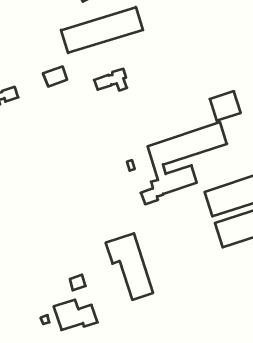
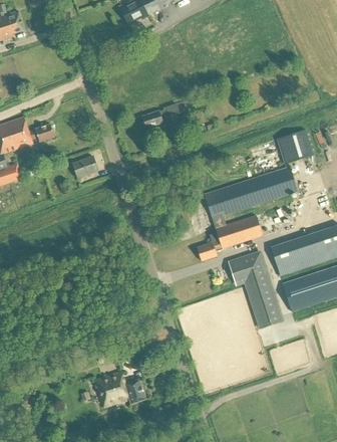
building: [61,7,143,53] -> none
building: [43,67,67,86] -> [70,156,98,179]
building: [106,233,153,300] -> [228,251,283,328]

